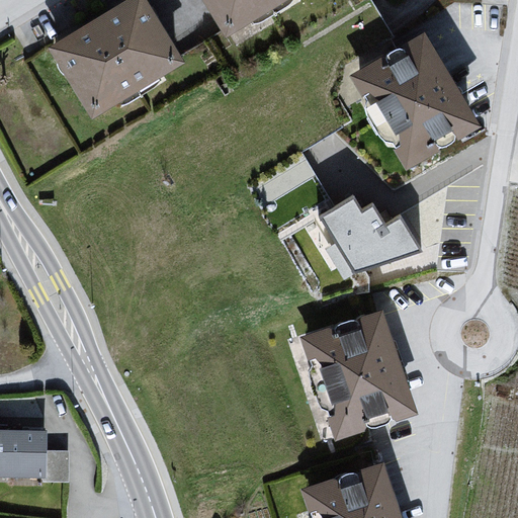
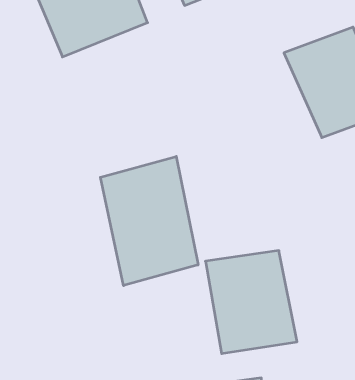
building: [309,188,427,272] -> none
building: none -> [100,156,198,286]

